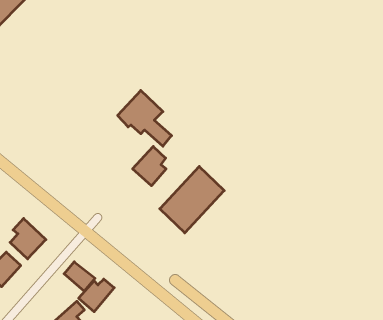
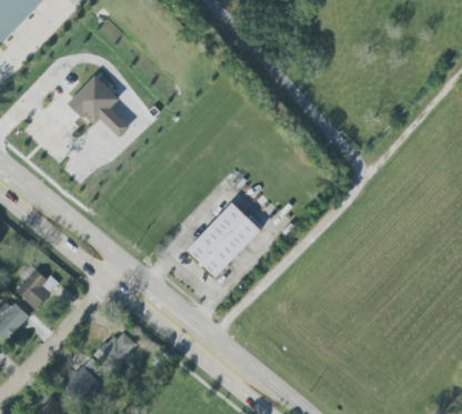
building: [118,90,172,146] -> [67,73,129,138]
building: [133,146,166,186] -> none
building: [64,262,95,291] -> none

